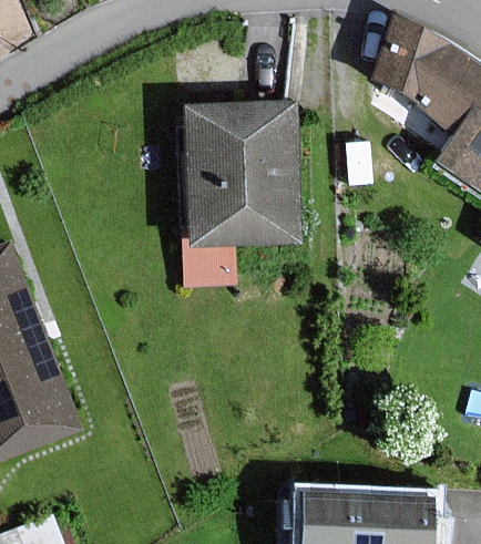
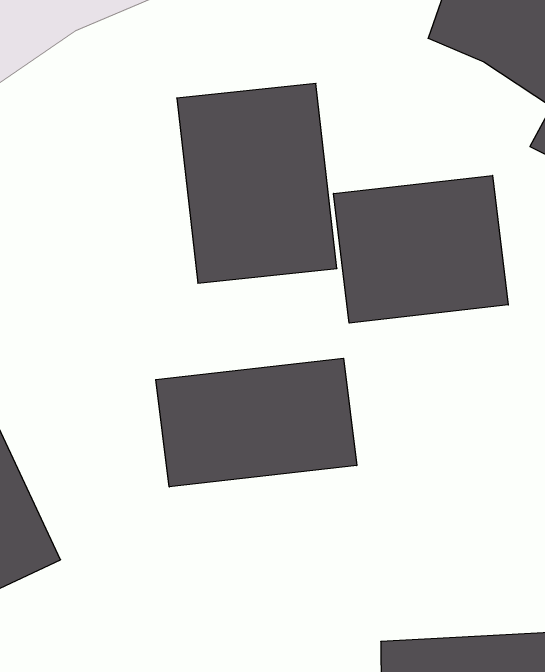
building: none -> [334,175,508,323]
building: none -> [156,358,357,487]

